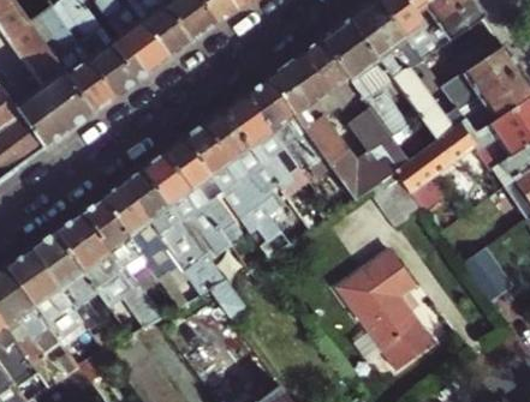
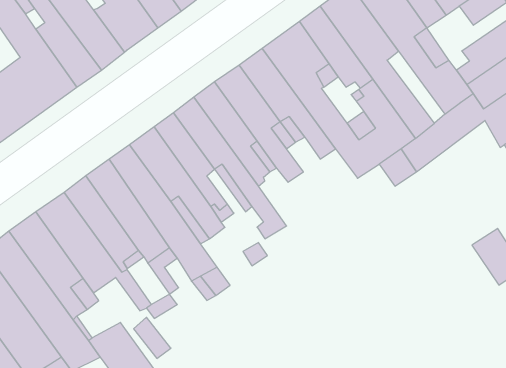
building: [337,248,434,368] -> none

